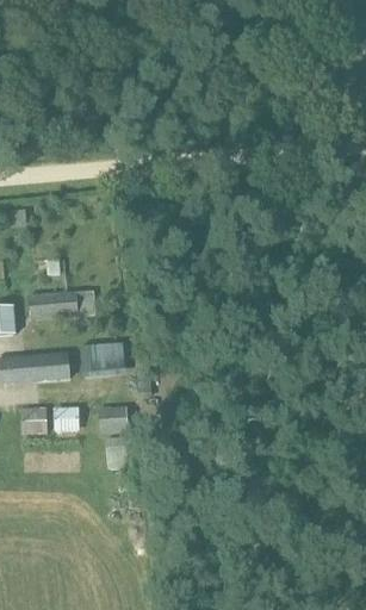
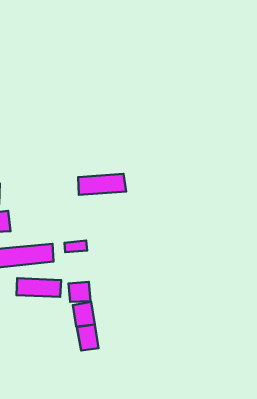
building: [29,291,97,320] -> [78,174,126,195]
building: none -> [77,325,98,351]

